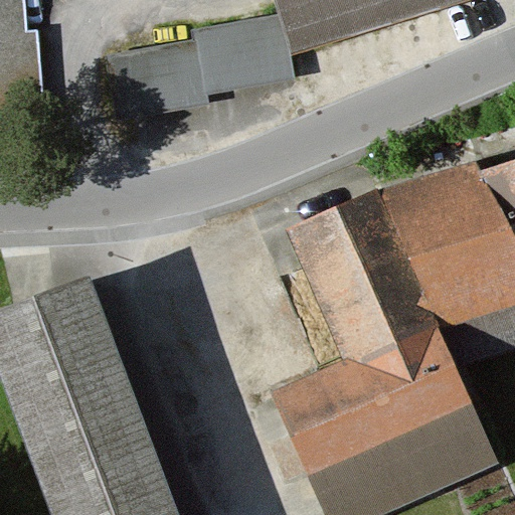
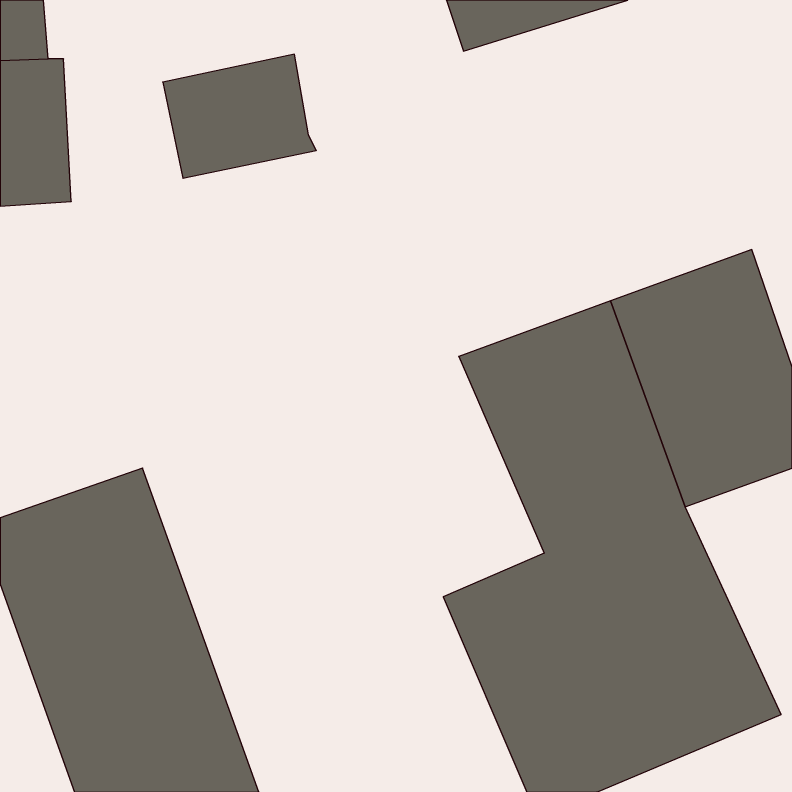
building: [188,6,286,88] -> none

